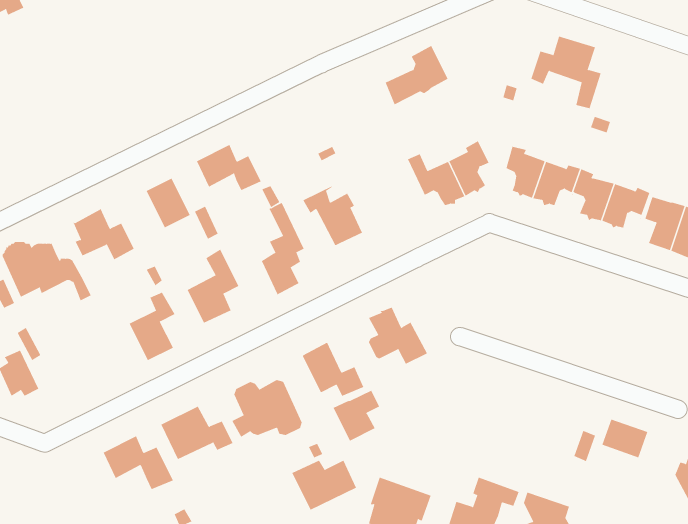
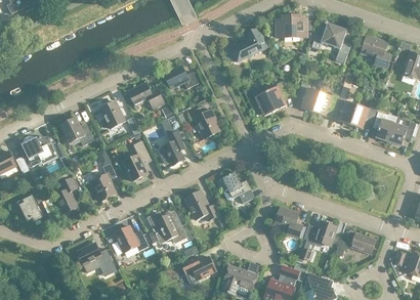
building: none -> [276,12,305,36]
building: none -> [360,36,390,68]
building: none -> [163,65,198,88]
building: none -> [53,176,77,213]
building: none -> [272,206,302,237]
building: [333,390,380,441] -> none
building: none -> [299,220,338,259]

